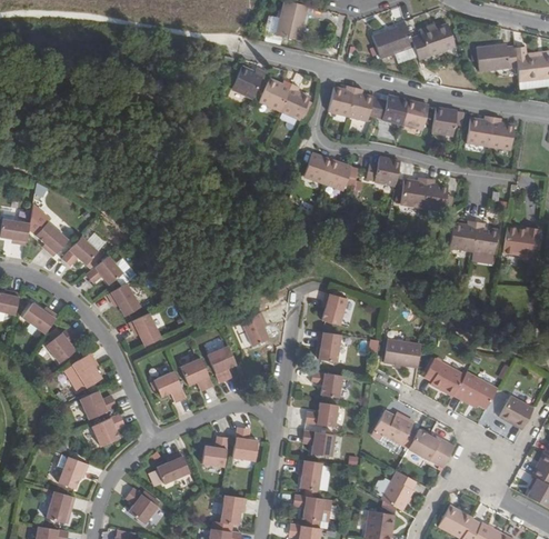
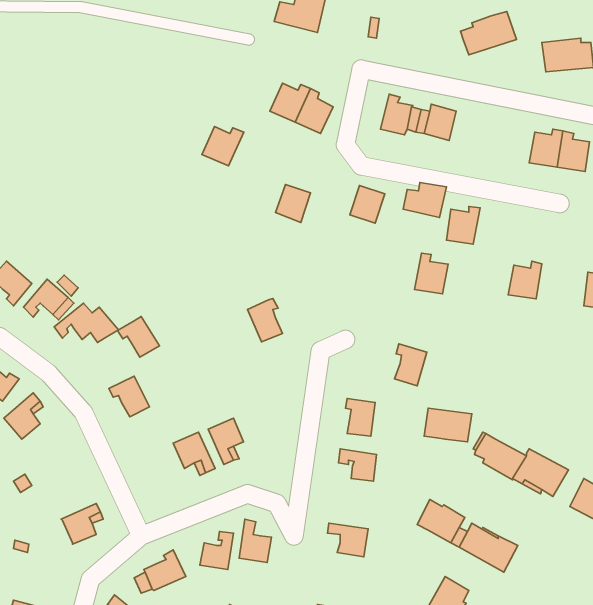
building: [369,20,411,58] -> none
building: [230,68,263,99] -> [202,126,244,166]
building: [326,87,352,117] -> none
building: [400,102,426,130] -> none
building: [429,109,455,137] -> none
building: [301,154,329,184] -> [276,185,311,222]
building: [419,179,446,211] -> [414,253,448,294]
building: [469,223,495,254] -> none
building: [108,282,141,315] -> [117,317,159,357]
building: [322,291,348,325] -> [395,344,427,386]
building: [242,311,270,346] -> [247,298,282,342]
building: [64,351,103,391] -> none
building: [154,370,188,402] -> none
building: [80,390,117,419] -> none
building: [306,401,339,426] -> none
building: [58,453,89,487] -> none
building: [299,459,322,489] -> none

